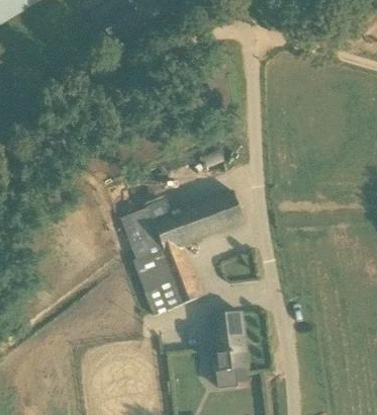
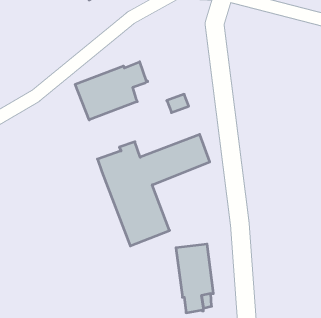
building: none -> [75,62,148,120]

